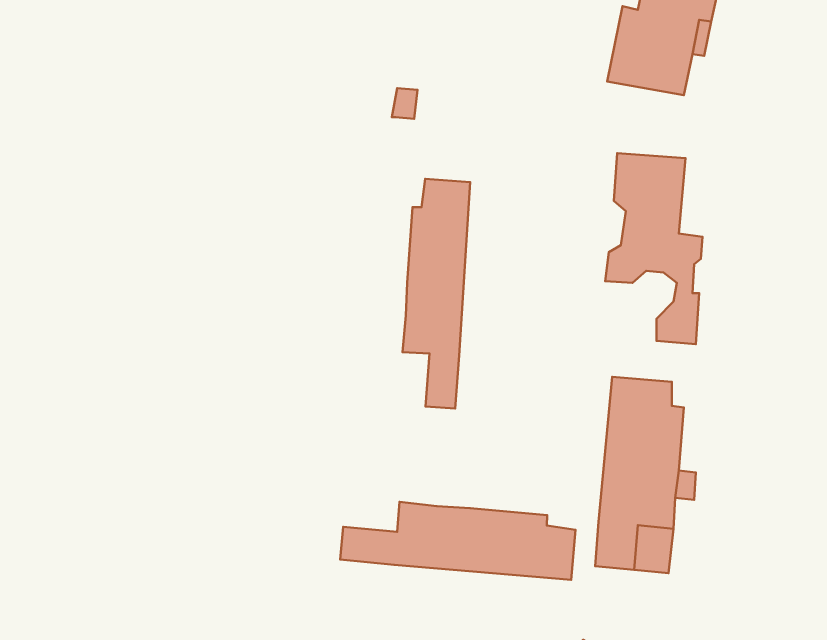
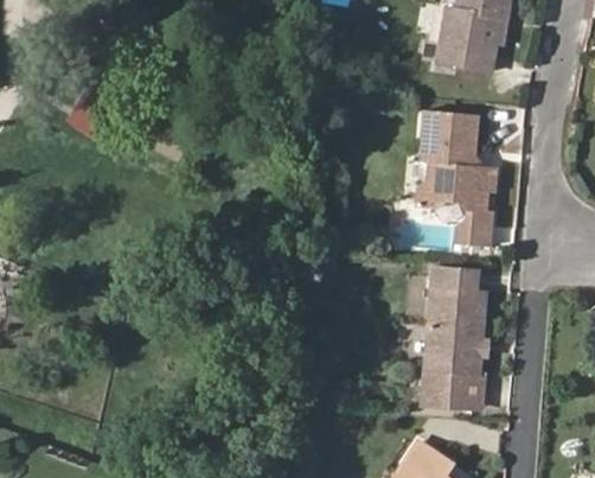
building: [403,179,470,409] -> none
building: [340,502,576,580] -> none

